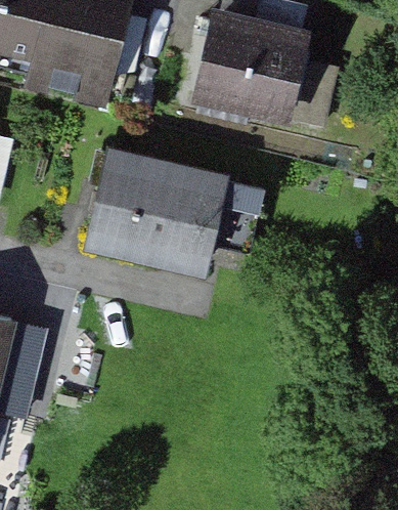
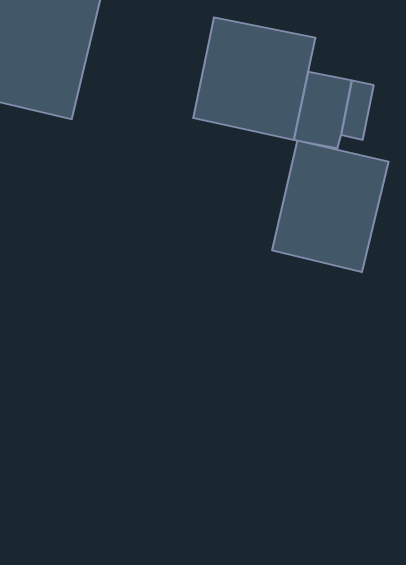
building: none -> [272,140,389,272]
building: [92,155,228,273] -> none

